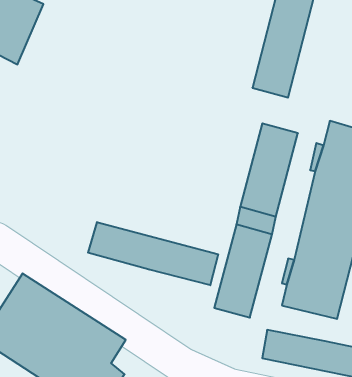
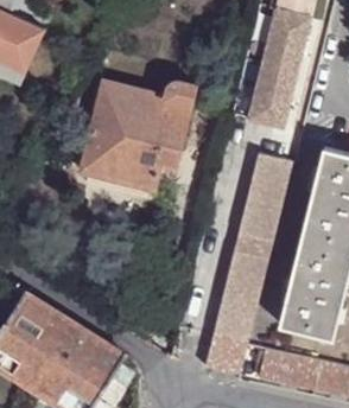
building: none -> [81,82,195,190]
building: [88,222,218,285] -> none
building: none -> [202,327,246,376]

